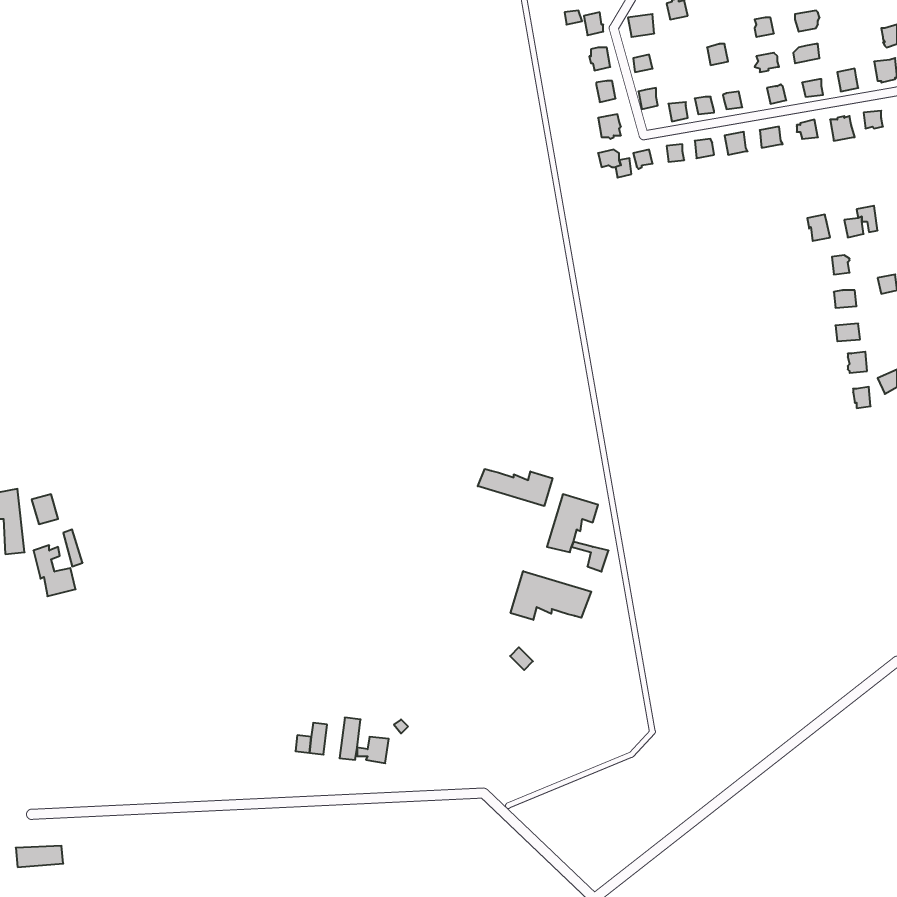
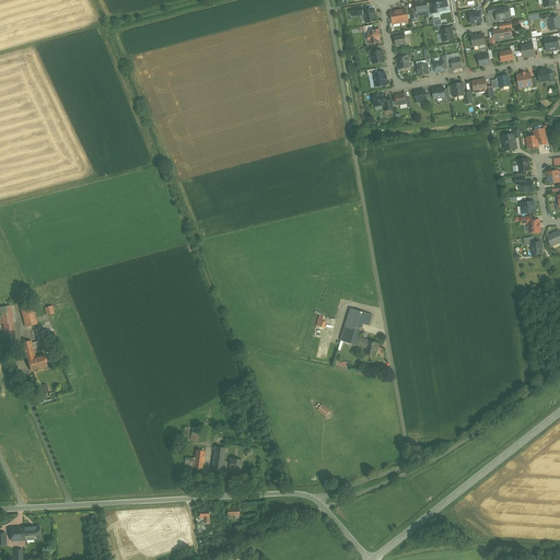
building: [478,469,552,506] -> none
building: [511,571,591,620] -> none

